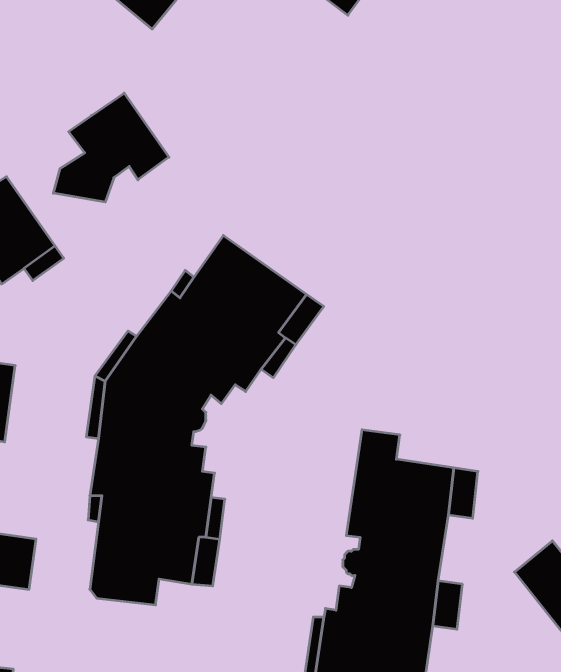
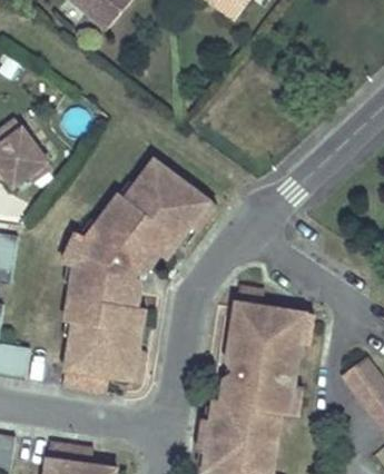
building: [53,93,169,202] -> none

